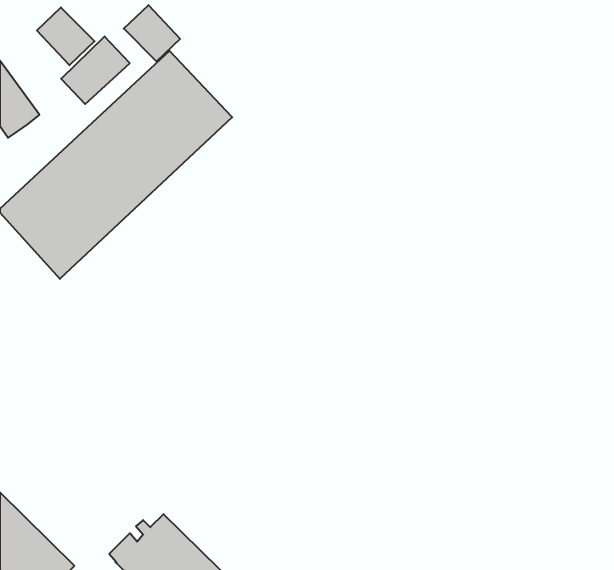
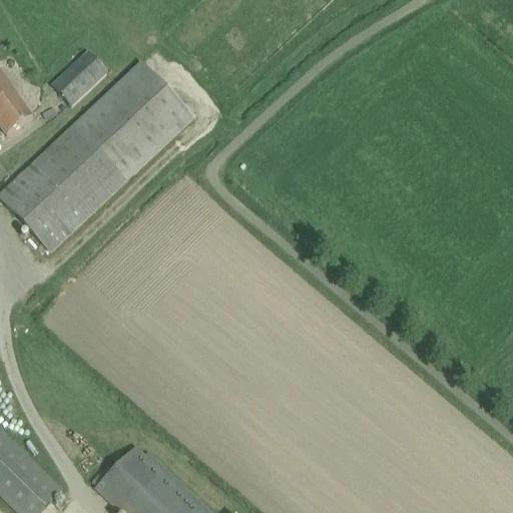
building: [124,5,180,61] -> none
building: [37,7,95,65] -> none

